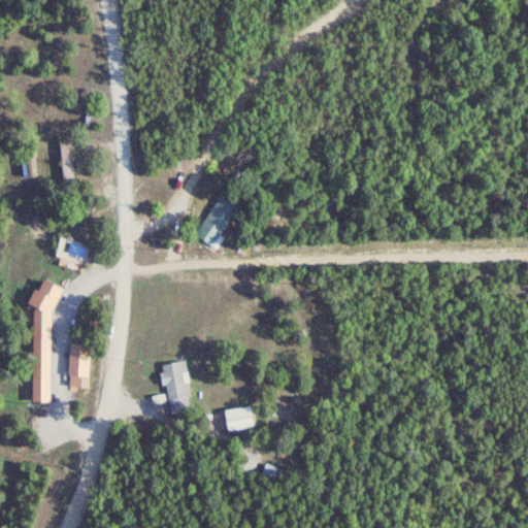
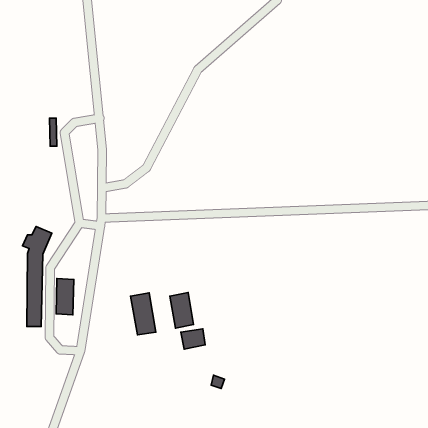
building: [197,196,237,248] -> none
building: none -> [170,292,194,328]

